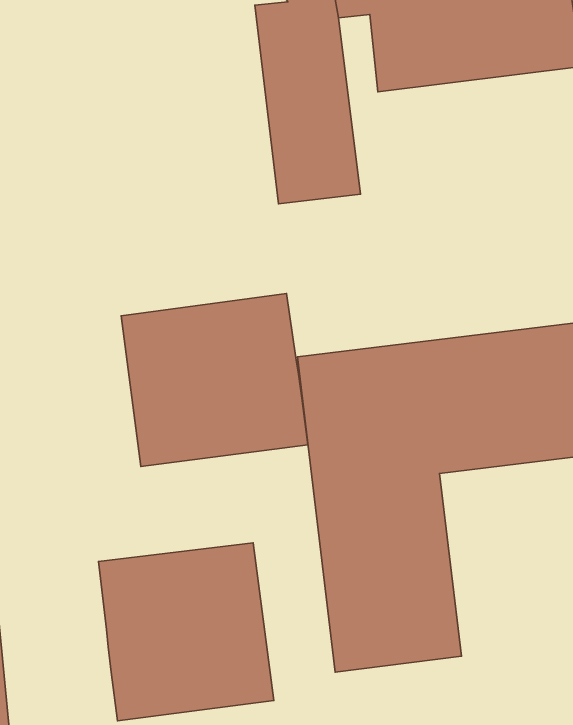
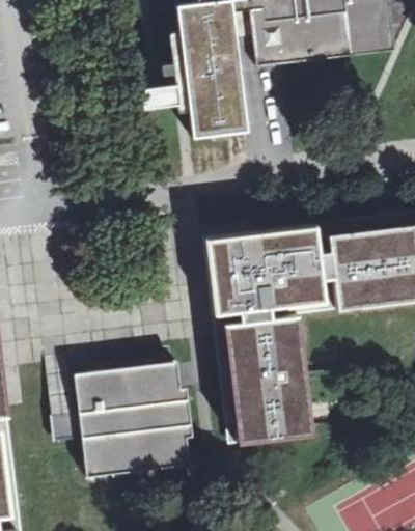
building: [121,293,308,466] -> none

